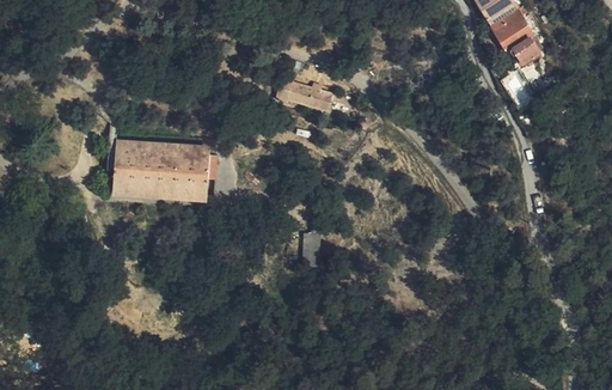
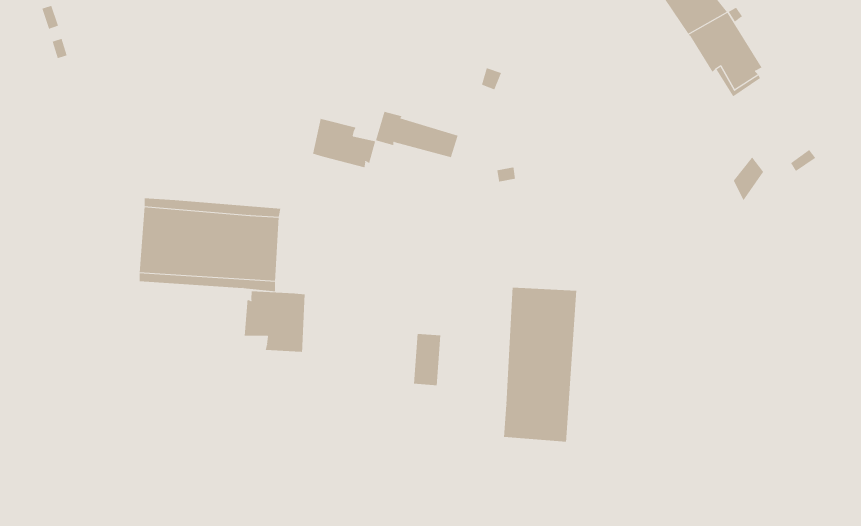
building: none -> [313,117,376,168]
building: none -> [503,287,577,443]
building: none -> [244,291,305,353]

